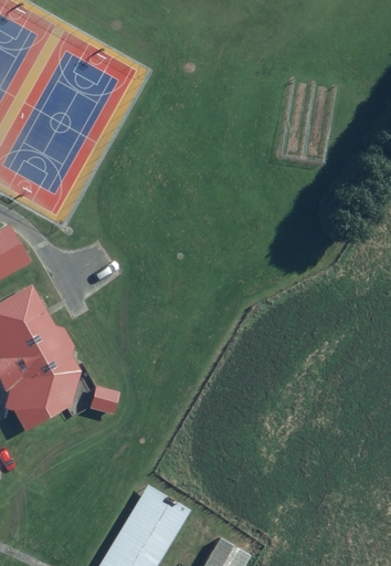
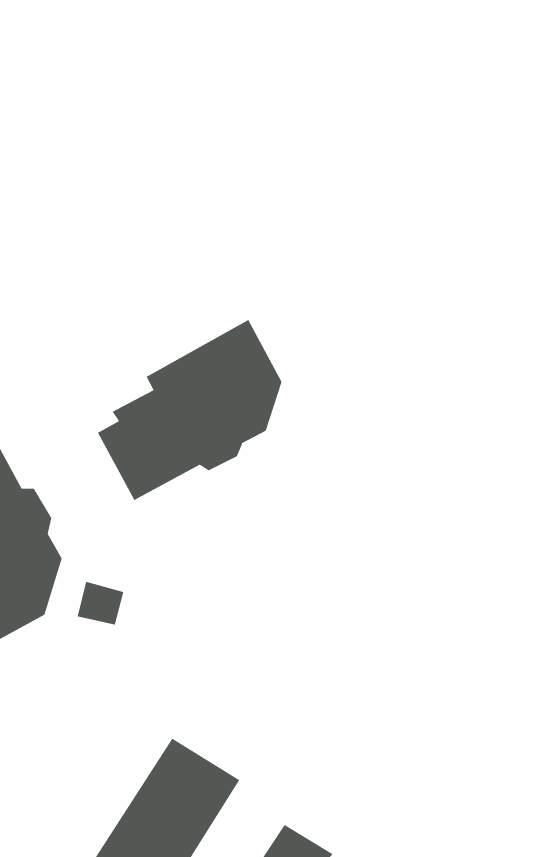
building: none -> [97,319,282,501]

